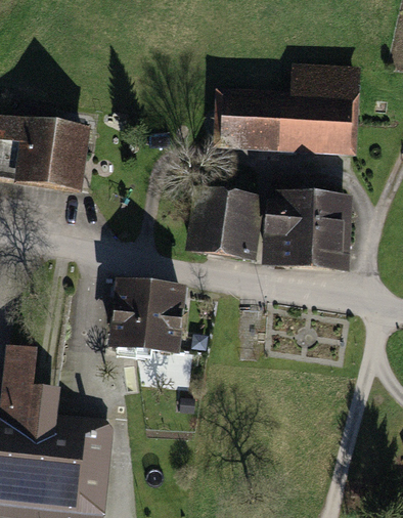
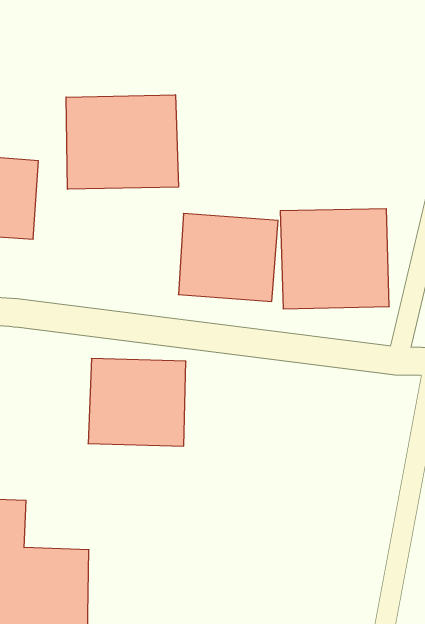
building: [216,66,359,155] -> none
building: none -> [66,95,178,189]

